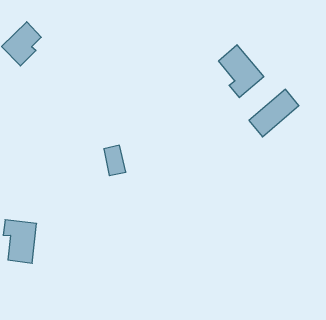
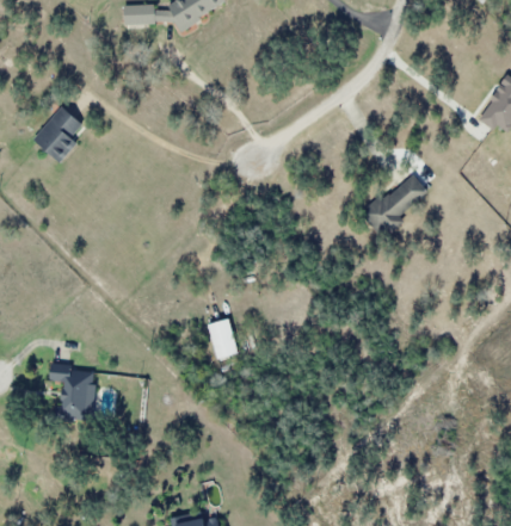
building: [219,45,264,98] -> none
building: [104,145,126,176] -> [208,317,239,358]

